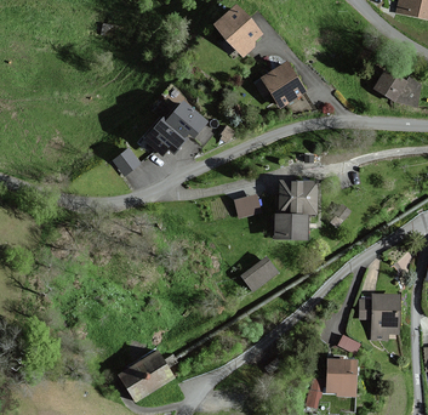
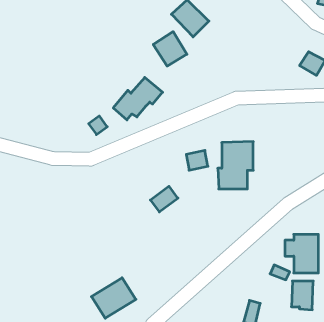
building: [263,62,304,104] -> [153,32,187,66]
building: [242,257,276,289] -> [150,186,178,212]
building: [329,359,355,394] -> [291,281,313,310]

